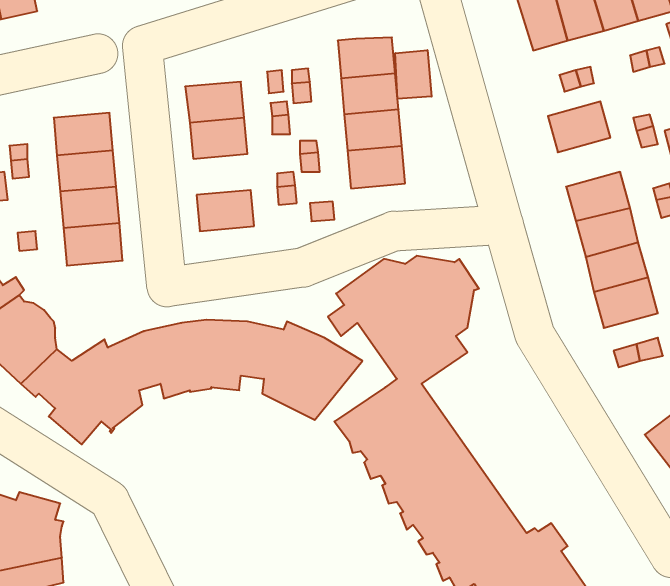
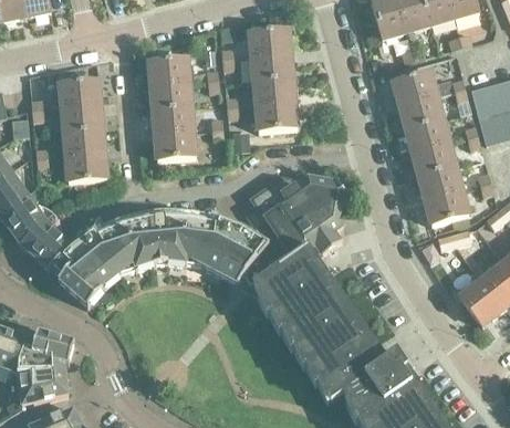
building: [395,50,432,99] -> none
building: none -> [399,94,441,127]
building: none -> [154,105,192,133]

